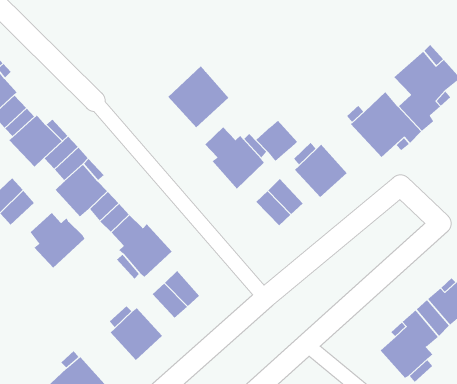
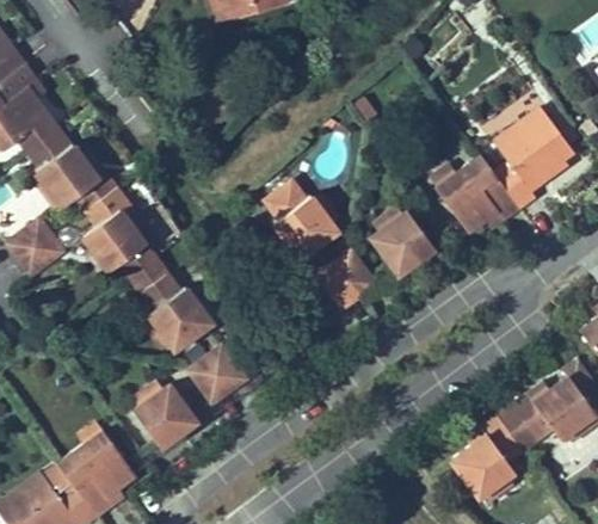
building: [167,66,229,128] -> none
building: [256,120,298,162] -> none
building: [30,212,85,269] -> none

